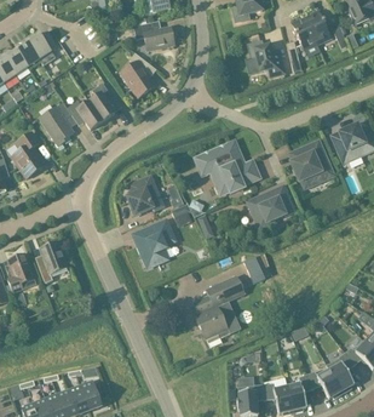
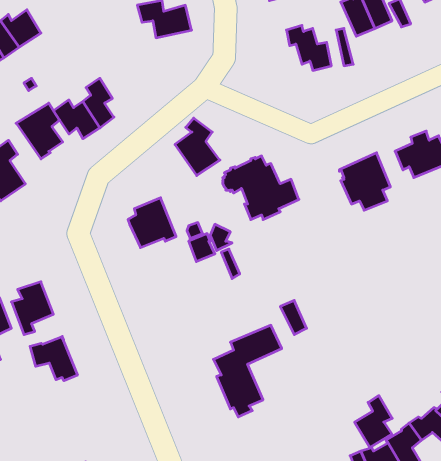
building: [120,52,155,97] -> [175,118,220,176]
building: [255,198,287,227] -> none
building: [133,221,174,267] -> none
building: none -> [30,336,77,381]
building: none -> [355,396,392,448]

